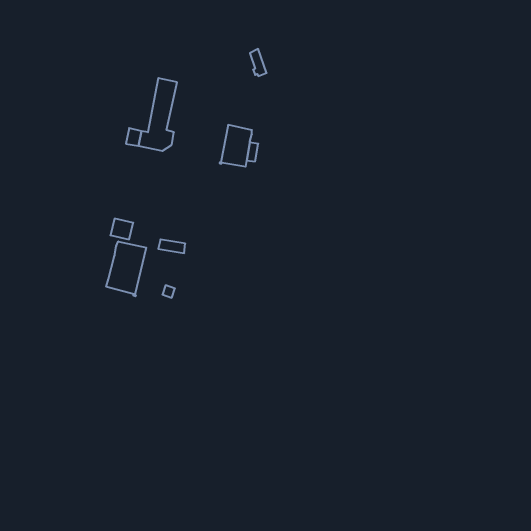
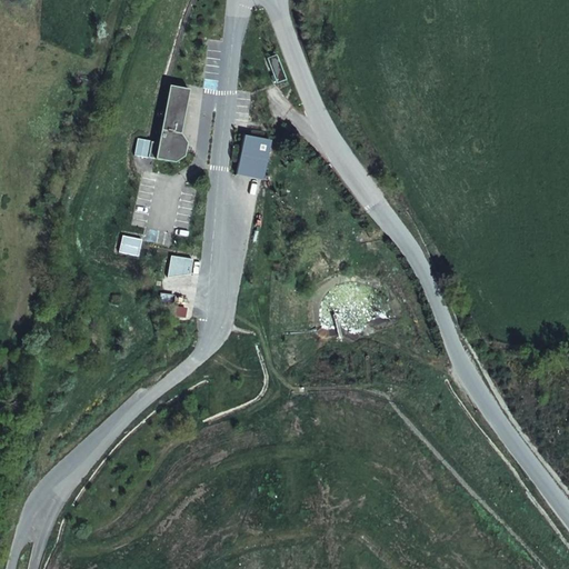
building: [106,241,146,296] -> none

